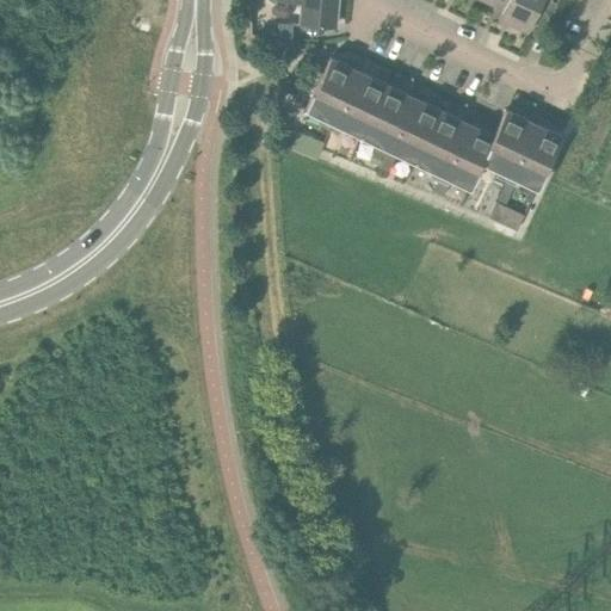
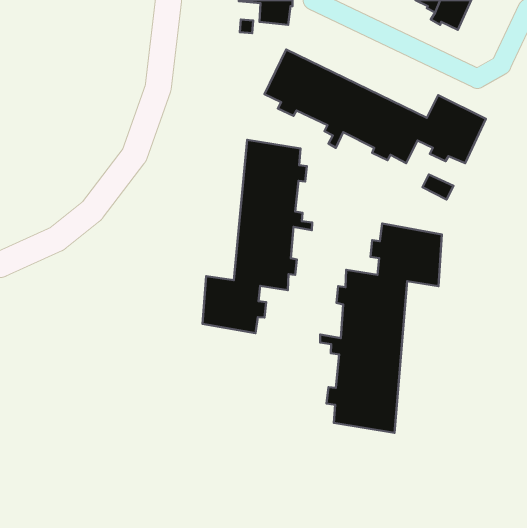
building: none -> [202,140,312,333]
building: none -> [320,224,442,433]

